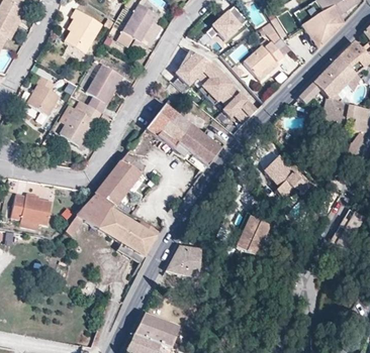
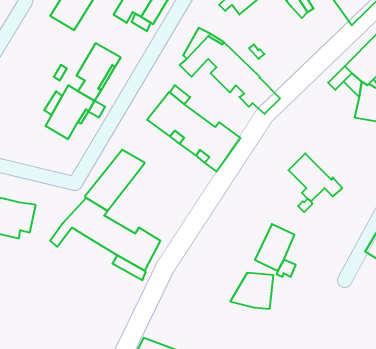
building: [244,39,283,81] -> none
building: [26,77,59,115] -> none
building: [165,245,201,275] -> [230,273,273,309]

